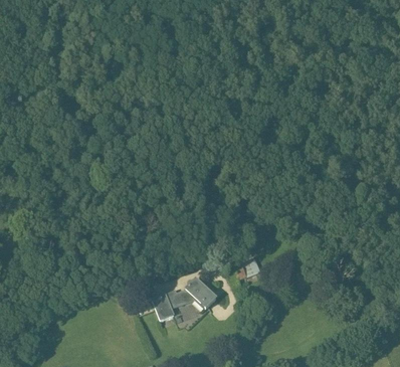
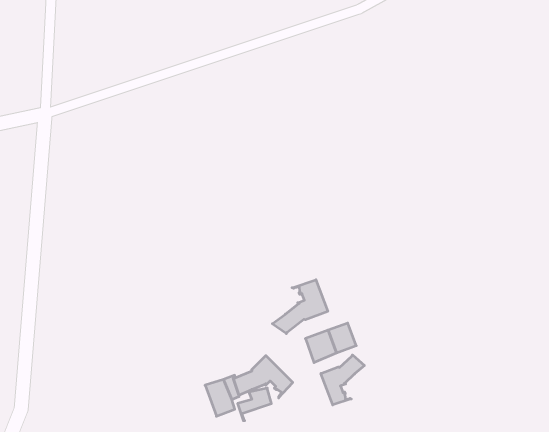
building: none -> [272,280,328,334]
building: none -> [321,355,364,405]

